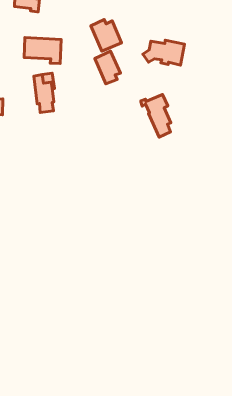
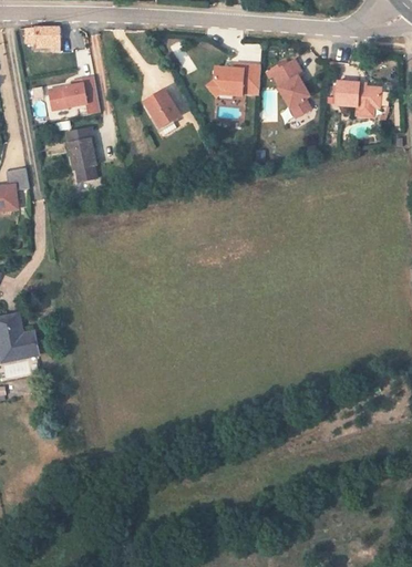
building: [91,19,121,51] -> none
building: [141,94,171,137] -> [267,60,311,117]

